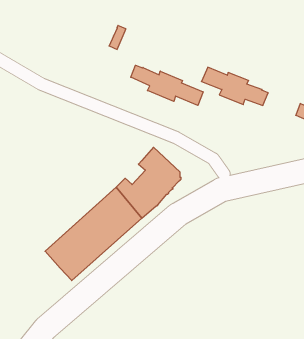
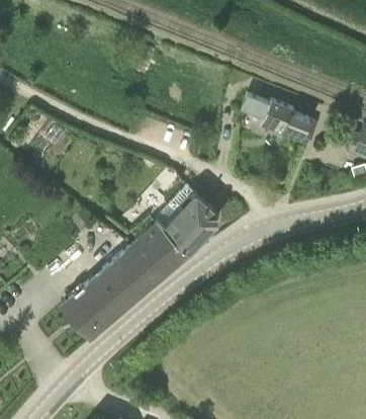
building: [131,65,203,105] -> none

